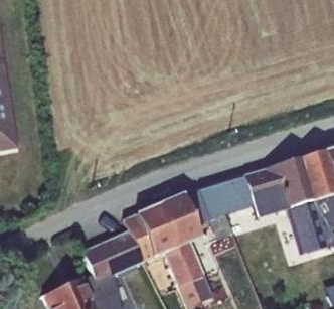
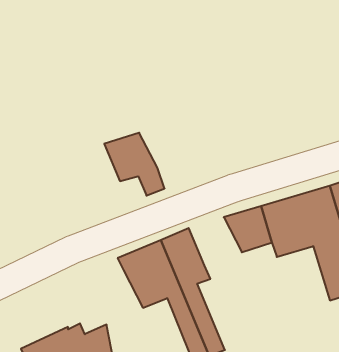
building: [183,184,233,237] -> [104,133,165,196]
building: [84,228,145,282] -> none

